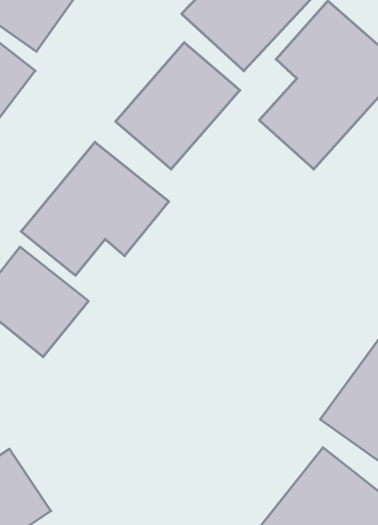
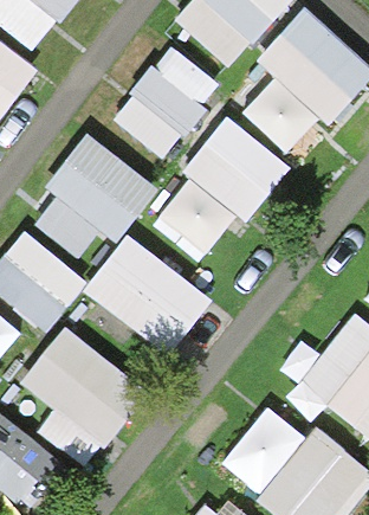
building: none -> [151,118,280,260]
building: none -> [82,236,211,353]
building: none -> [19,326,144,446]

